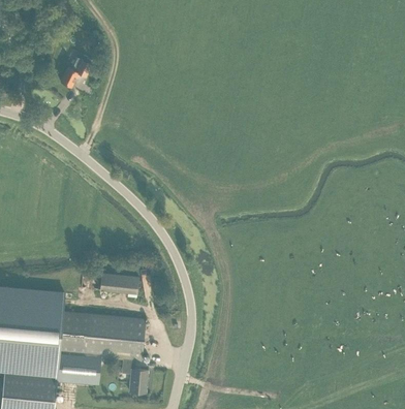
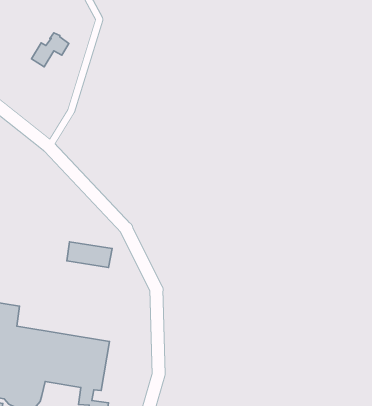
building: [99,273,137,292] -> [67,242,112,267]

